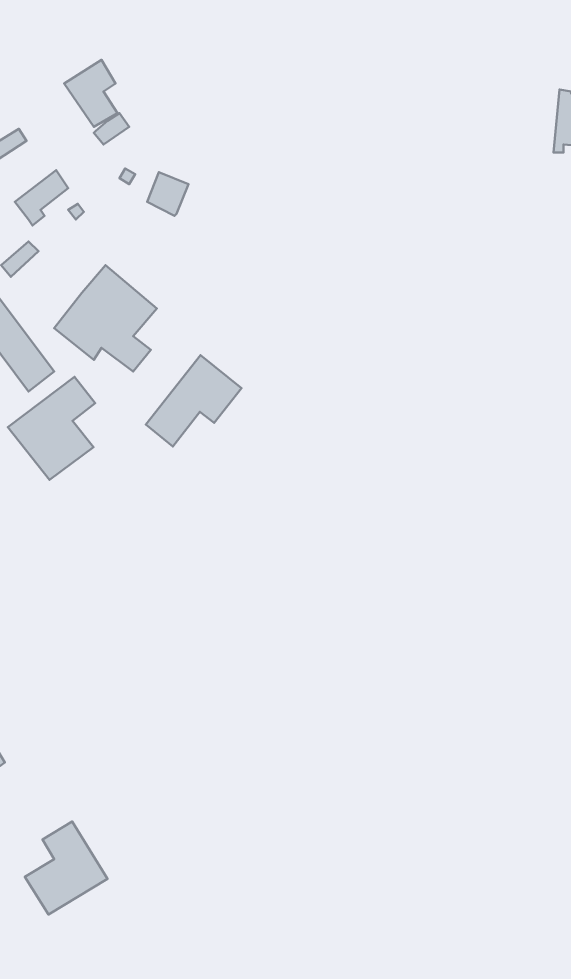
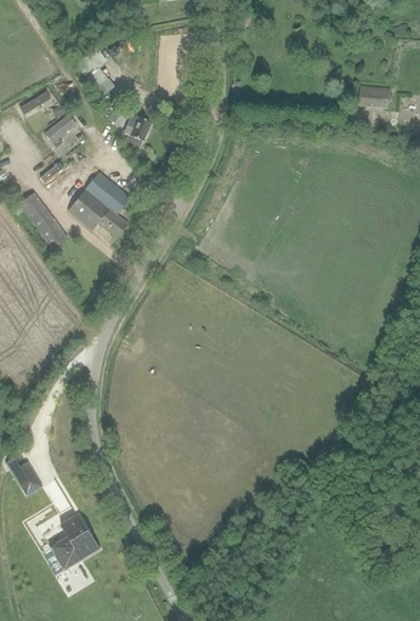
building: [146,355,242,447] -> none
building: [8,377,95,480] -> none

